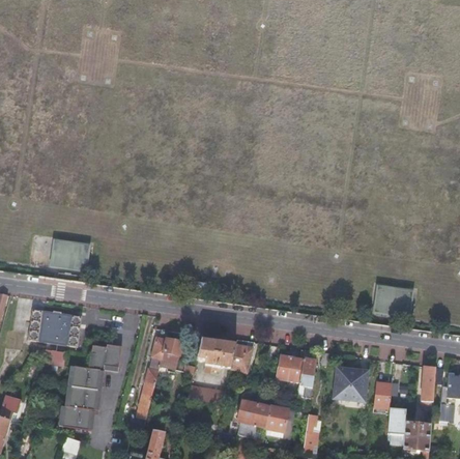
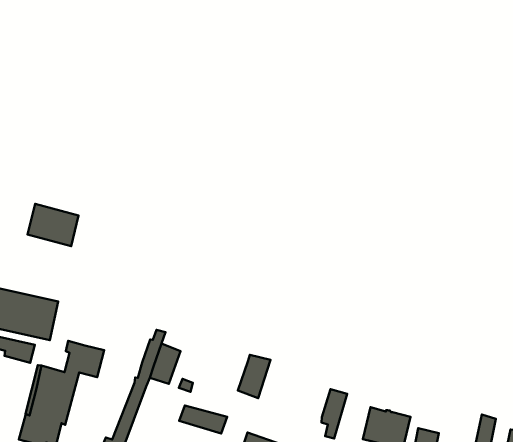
building: [374,284,412,315] -> none
building: [196,338,235,368] -> none
building: [275,354,303,381] -> none

